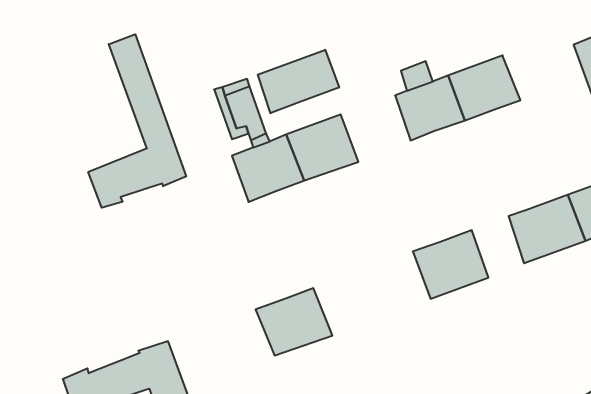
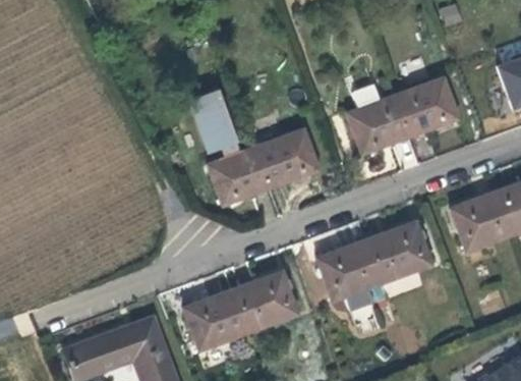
building: [88,34,186,208] -> none
building: [258,50,339,113] -> none
building: none -> [314,243,380,303]
building: none -> [181,293,245,351]

